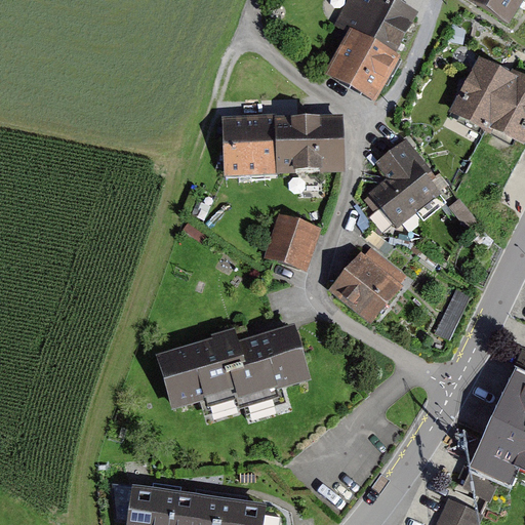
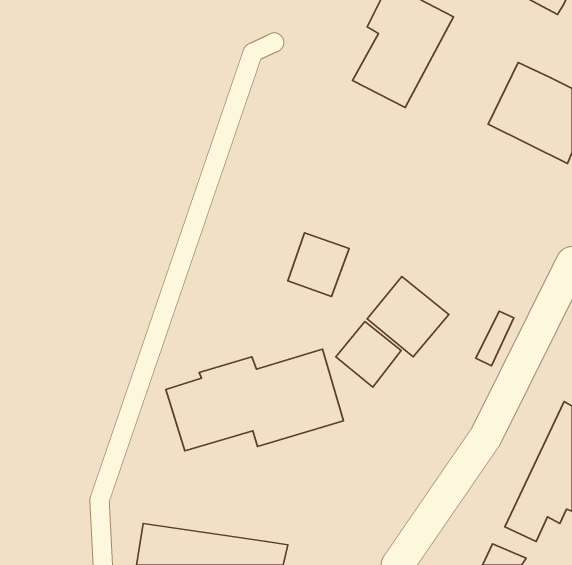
building: [223,116,342,175] -> none
building: [368,132,438,228] -> none
building: none -> [336,321,401,387]

